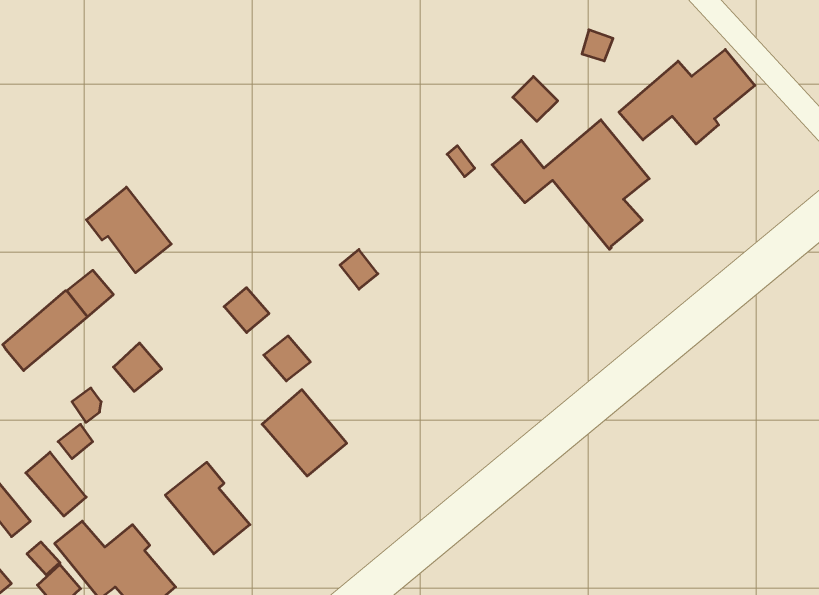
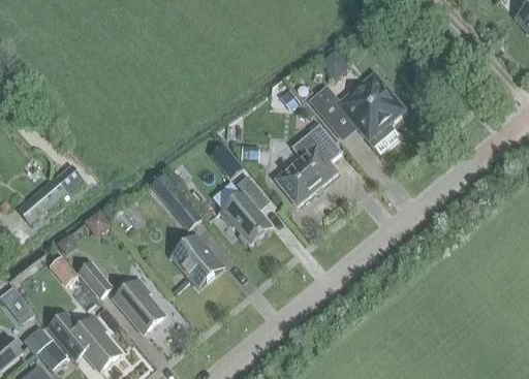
building: [619,49,755,144] -> none
building: [86,187,171,273] -> none
building: none -> [275,125,342,206]
building: none -> [219,176,272,245]
building: [26,452,86,516] -> [76,260,113,298]

